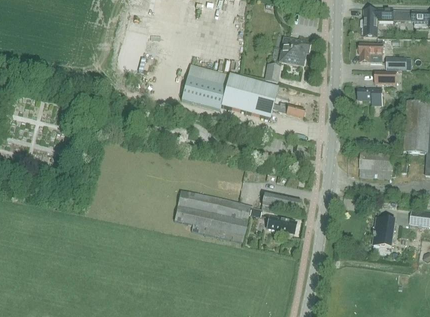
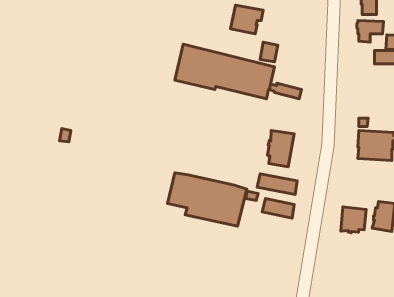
building: [279,38,311,66] -> [230,5,263,34]
building: [358,88,383,106] -> none
building: none -> [268,130,294,167]
building: none -> [341,207,366,233]

